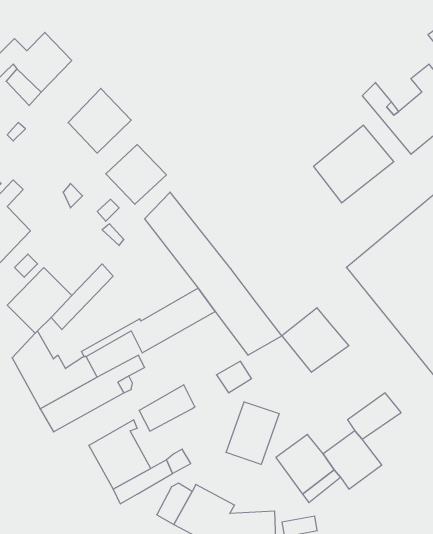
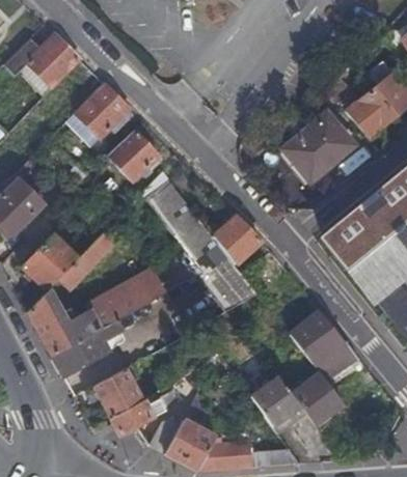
building: none -> [216,216,263,264]
building: [282,308,349,372] -> [291,309,348,364]
building: [139,385,195,431] -> [92,288,140,328]
building: [226,402,279,464] -> none

